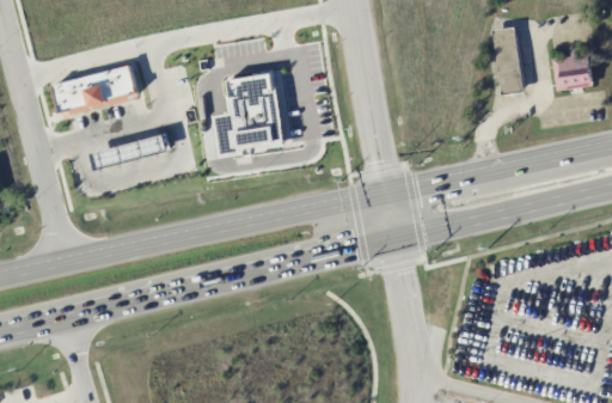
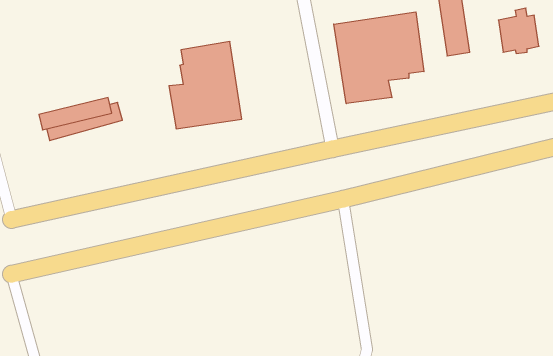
building: none -> [334,12,424,104]
building: [55,63,141,116] -> none

